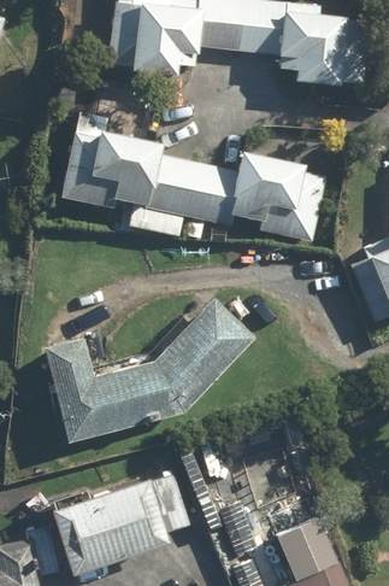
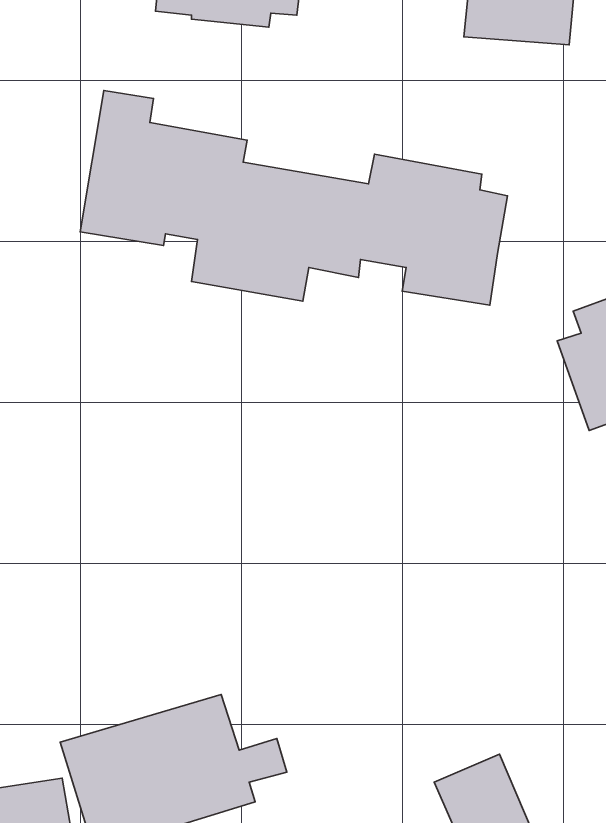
building: [41,297,258,443] -> none

